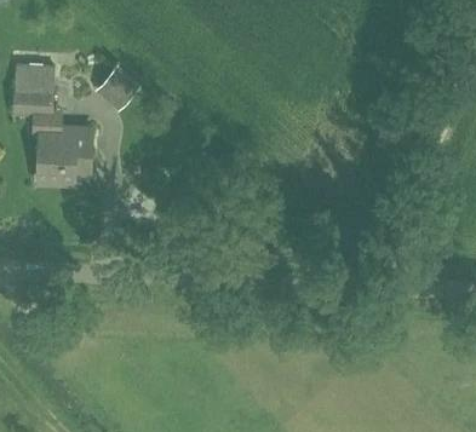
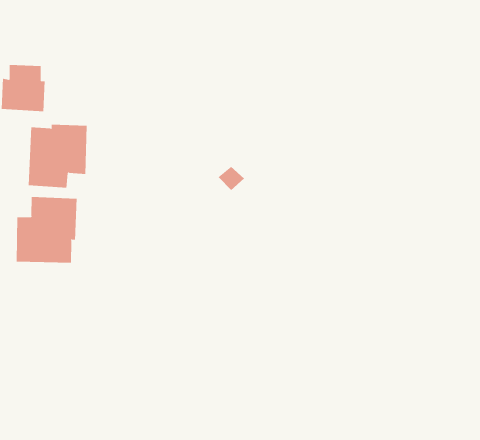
building: none -> [16,196,77,264]

